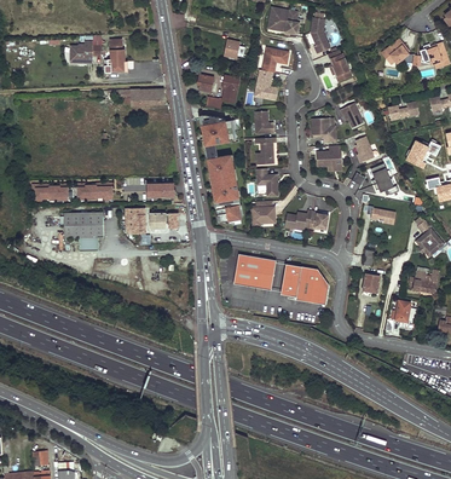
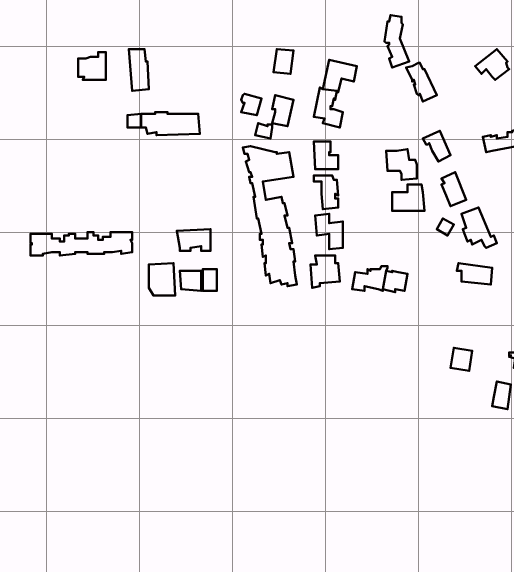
building: [267,7,299,34] -> none
building: [65,213,103,250] -> none
building: [233,254,276,289] -> none
building: [281,264,328,304] -> none

